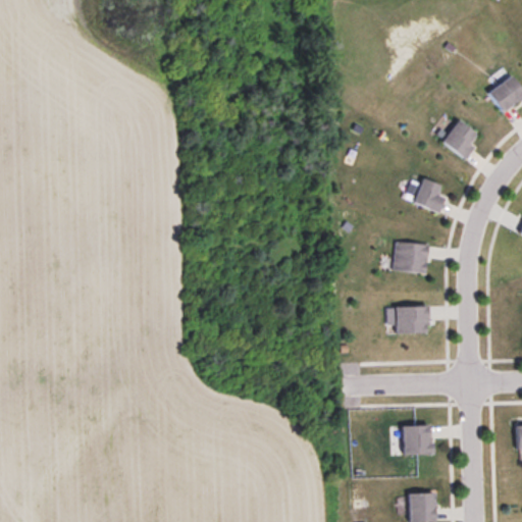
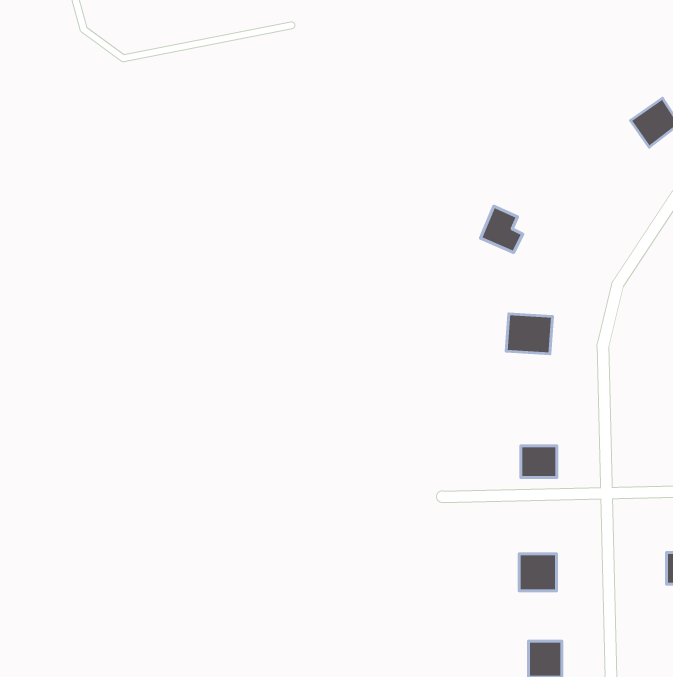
building: [442,120,480,158] -> none
building: [413,177,446,213] -> [480,206,523,253]
building: [399,308,426,332] -> [521,446,557,478]

